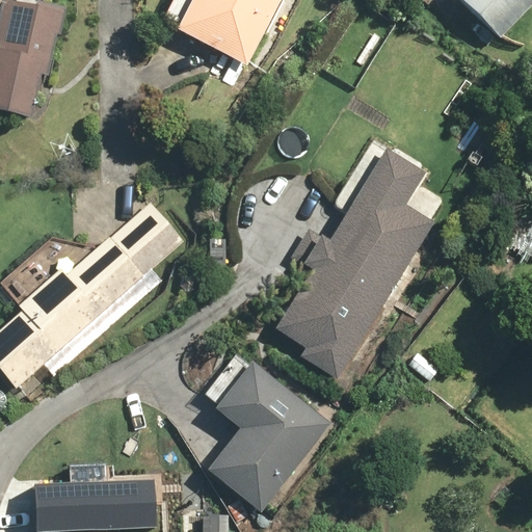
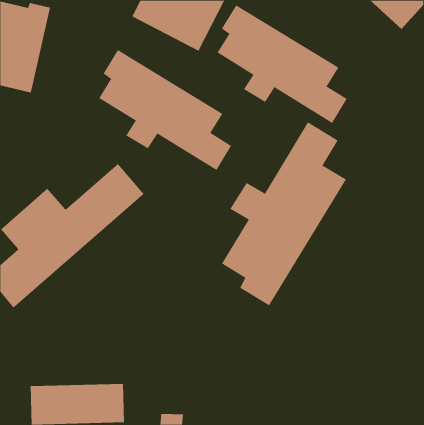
building: none -> [217,4,347,124]
building: none -> [99,49,232,171]
building: [202,354,334,517] -> none

